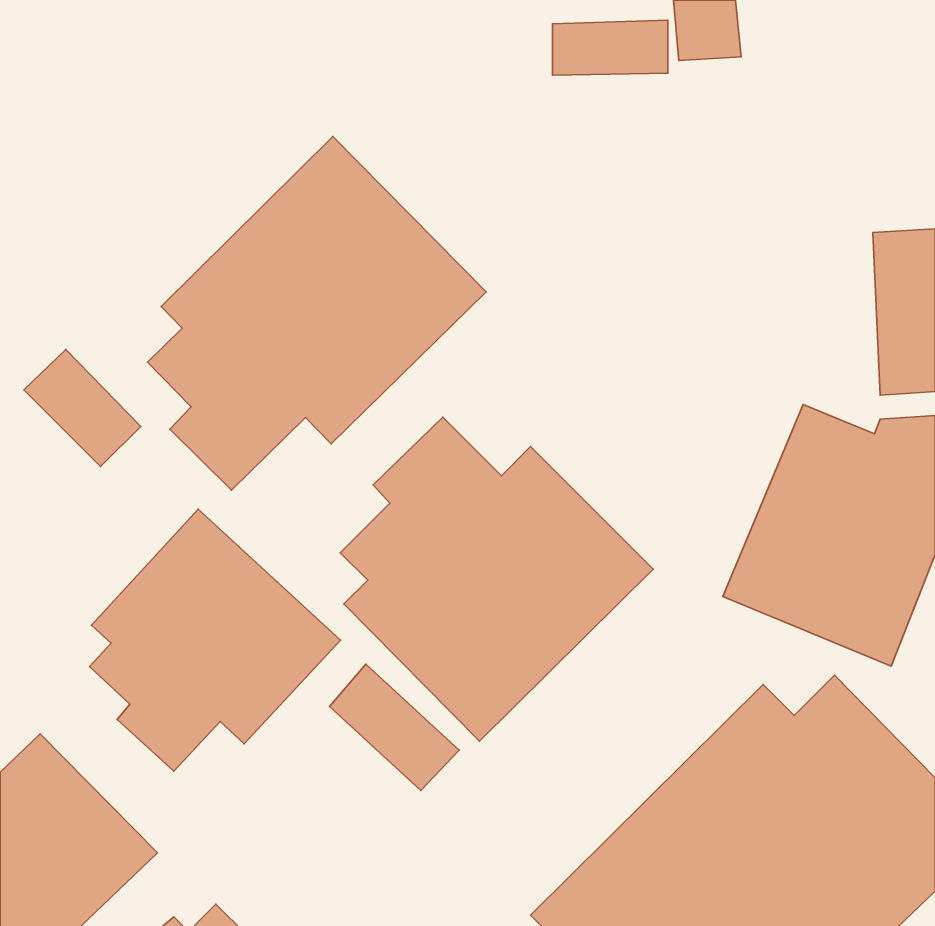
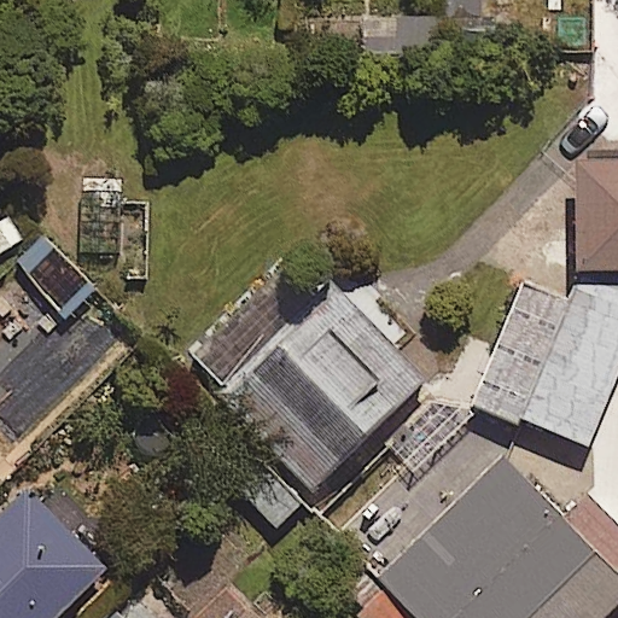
building: [148,137,486,490] -> none
building: [89,509,341,771] -> none

